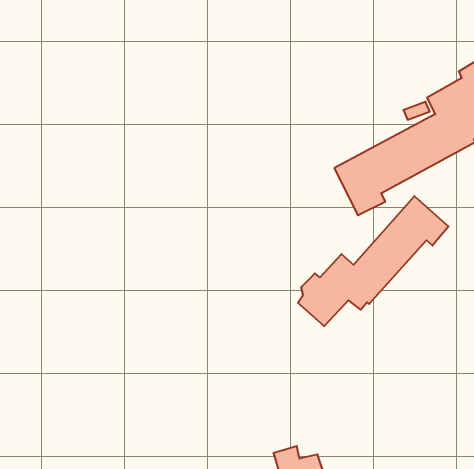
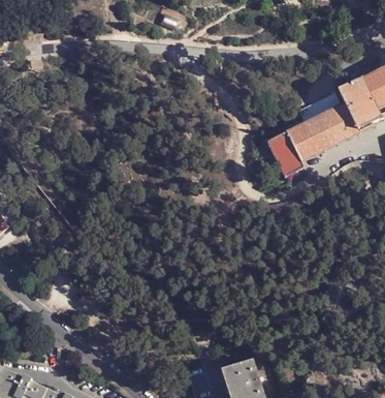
building: [298,196,449,326] -> none

